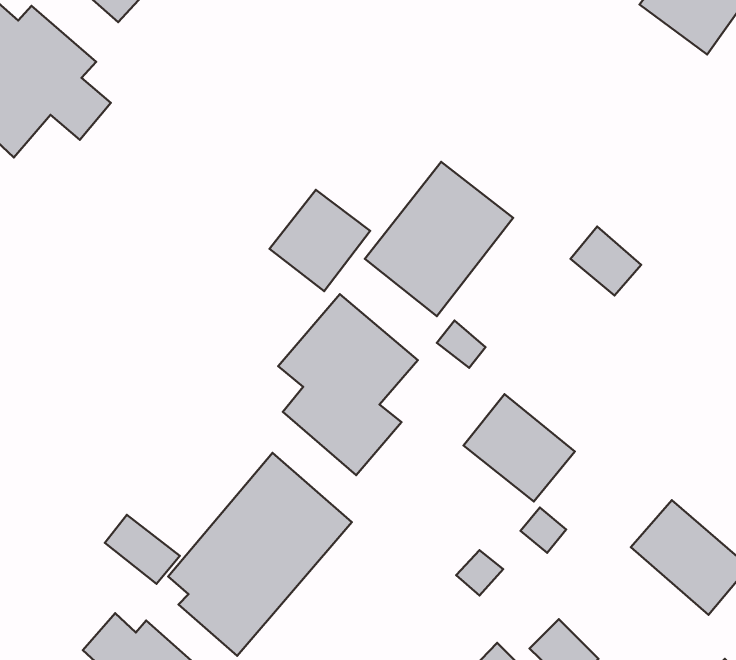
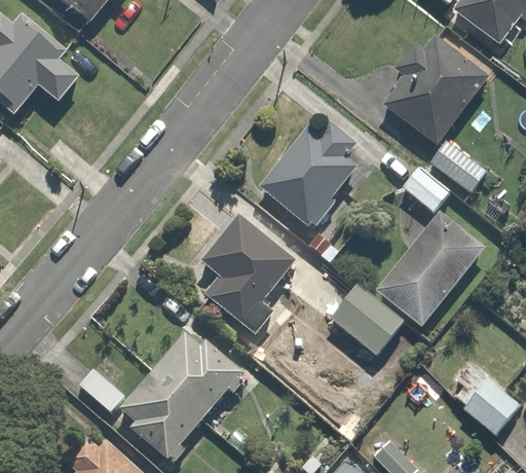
building: none -> [382,30,495,147]
building: none -> [428,135,490,194]
building: [270,190,370,291] -> none
building: none -> [373,215,480,326]

